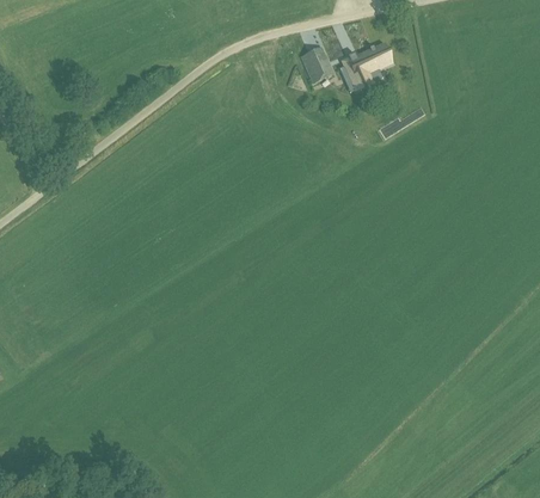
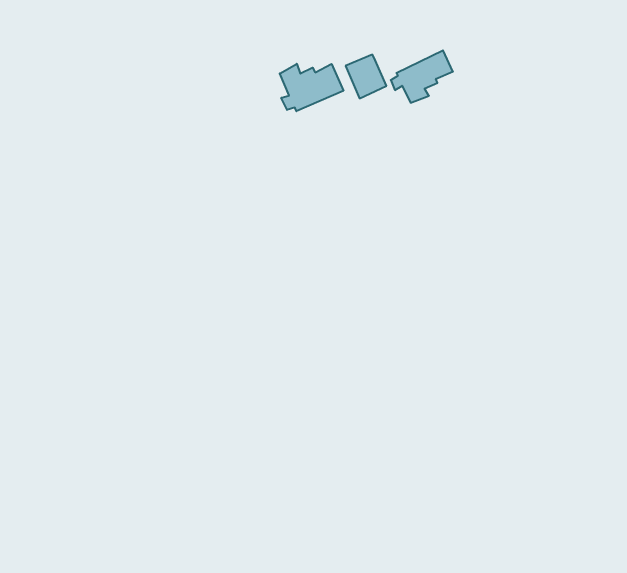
building: none -> [280,64,343,111]

